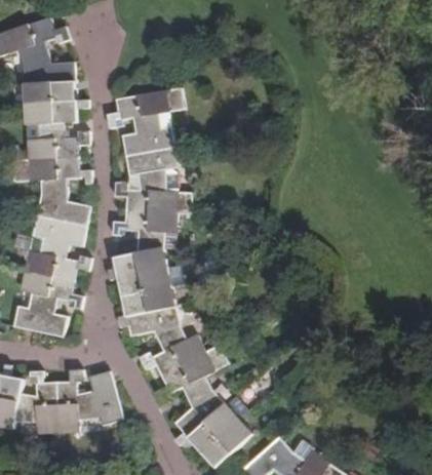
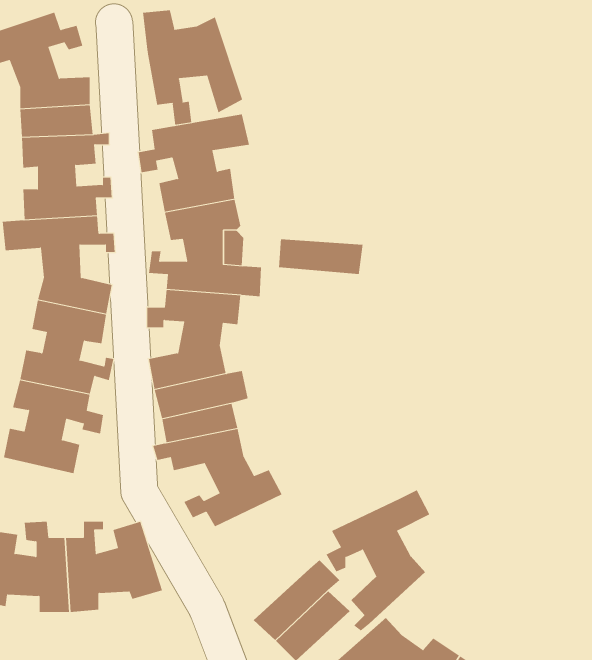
building: none -> [143,9,243,126]
building: none -> [278,238,363,275]
building: [156,346,229,444] -> [325,490,430,631]

